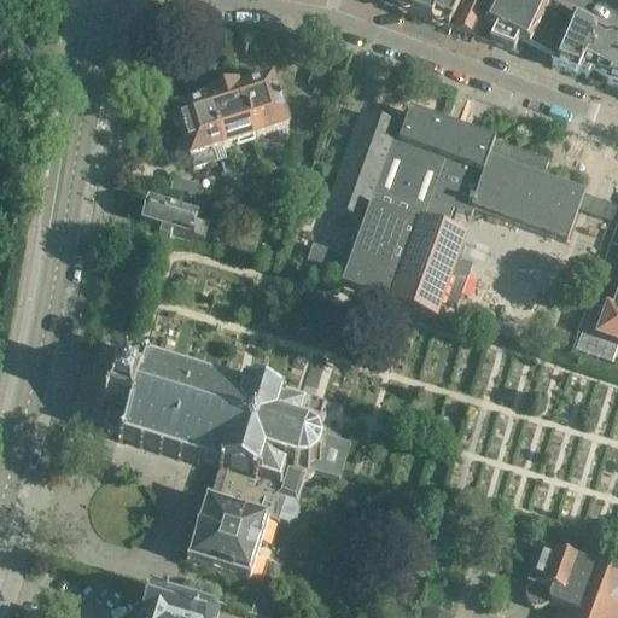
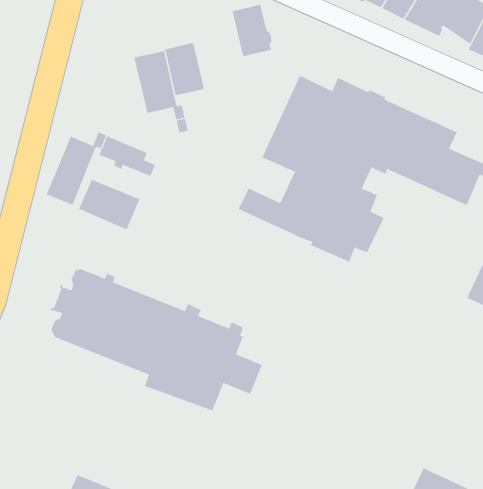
building: [241,68,291,129] -> [232,4,273,57]
building: none -> [46,132,107,205]
building: none -> [79,178,140,230]
building: [188,474,301,576] -> none

